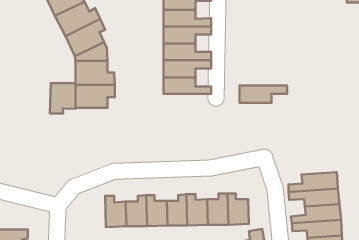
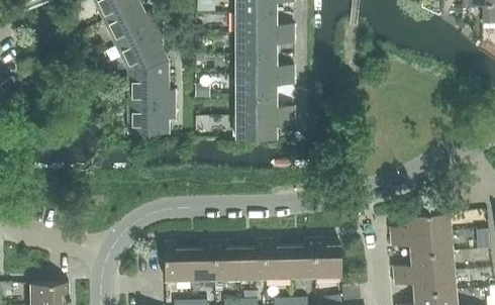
building: [50,83,75,114] -> none
building: [239,86,287,103] -> [236,117,295,138]

